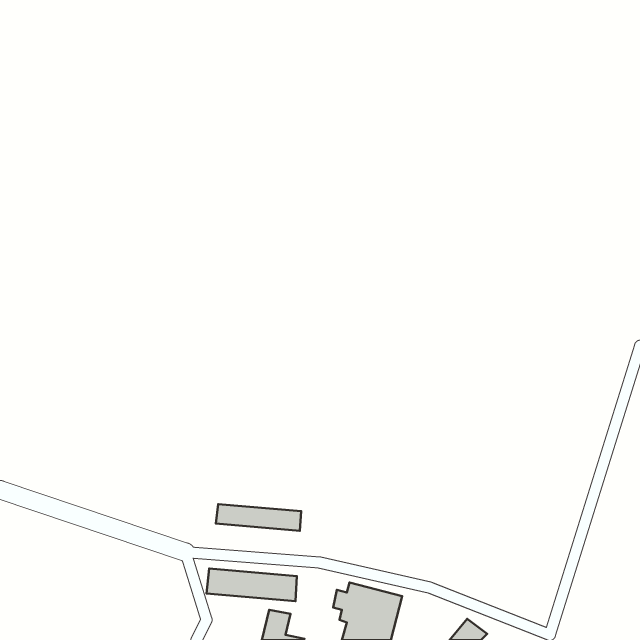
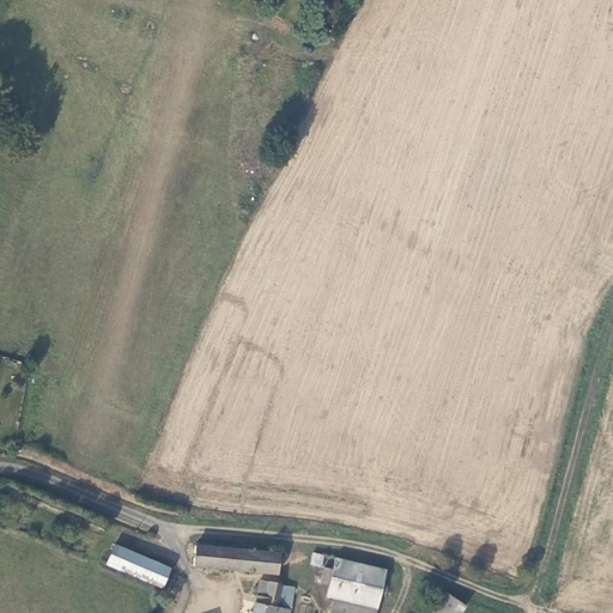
building: [216,504,301,531] -> none
building: none -> [109,544,174,588]

